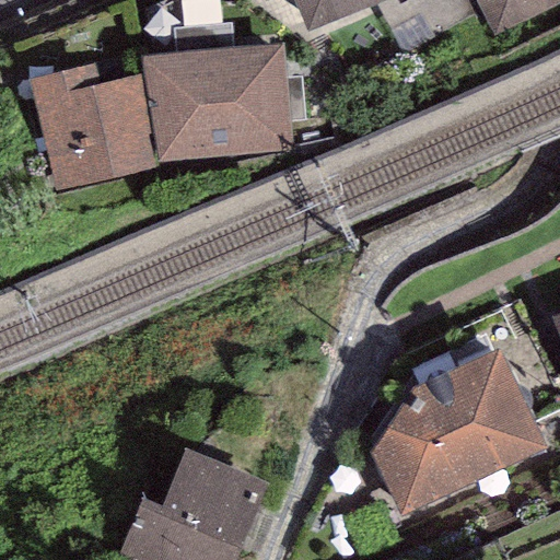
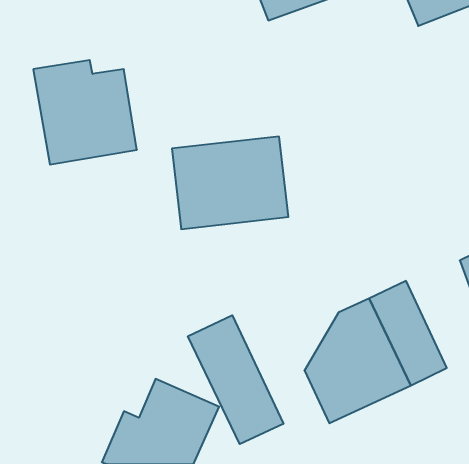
building: [164,52,302,162] -> [172,137,288,229]
building: none -> [188,315,283,444]

